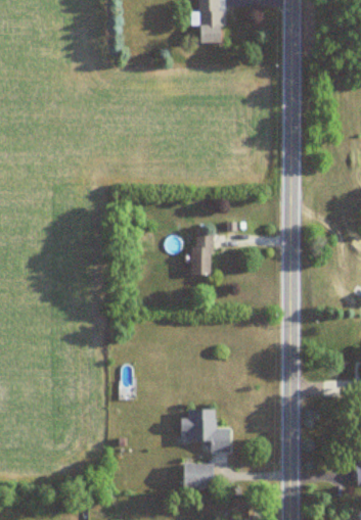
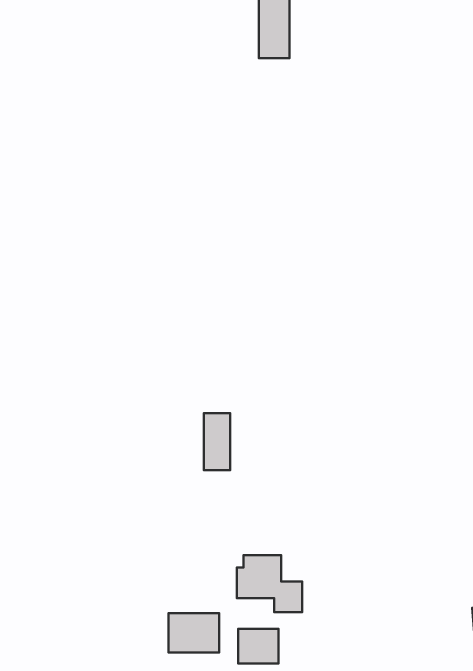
building: [192,233,212,275] -> [204,413,230,470]
building: none -> [169,613,219,653]

